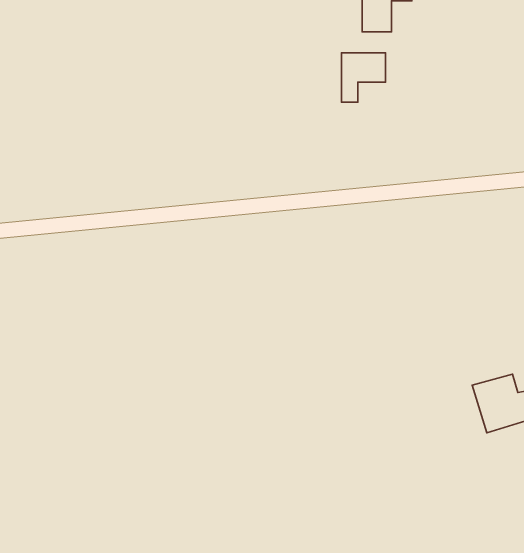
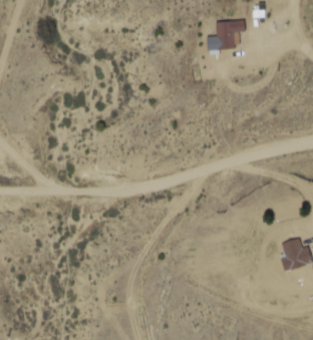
building: [342,53,386,102] -> none

